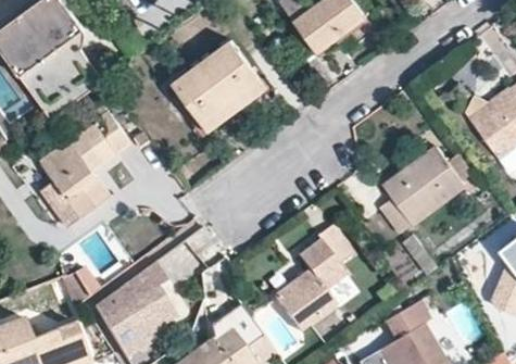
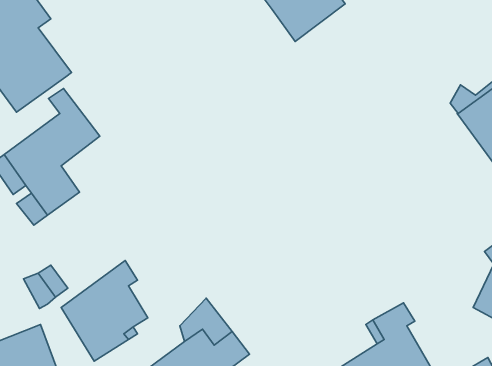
building: [173,40,267,129] -> none
building: [379,145,465,233] -> none
building: [274,225,352,331] -> none

